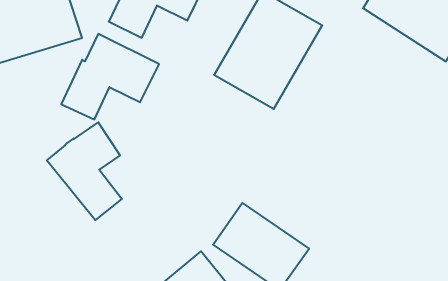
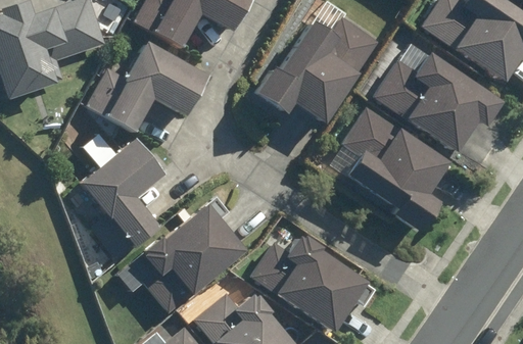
building: none -> [374,46,501,161]
building: none -> [337,115,464,231]
building: none -> [134,205,243,309]

